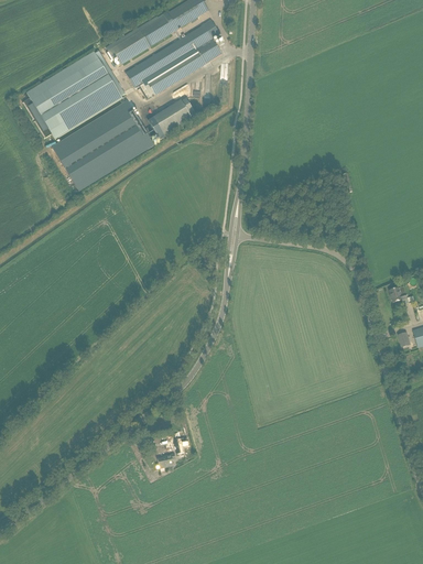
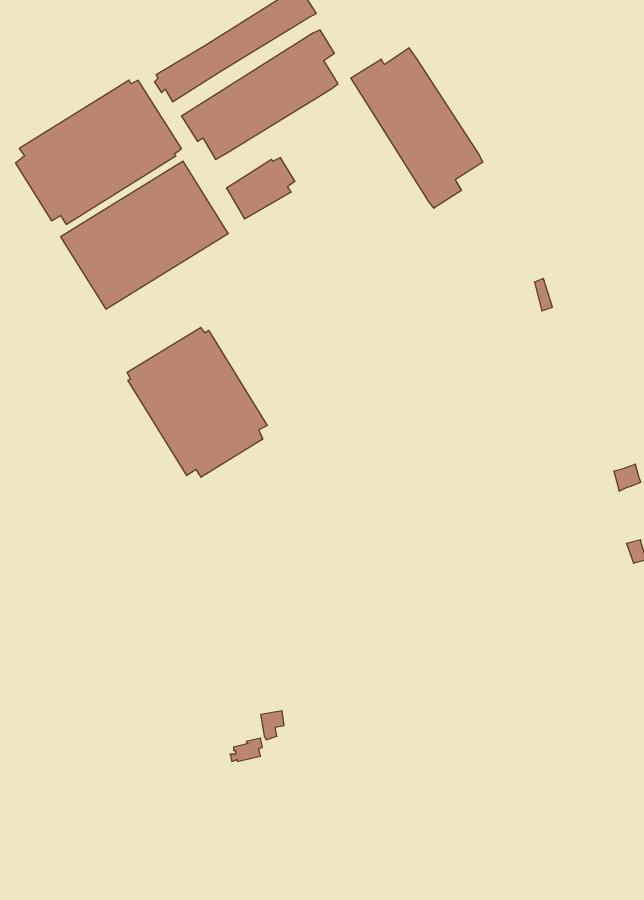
building: none -> [351,48,483,208]
building: none -> [127,327,267,477]

